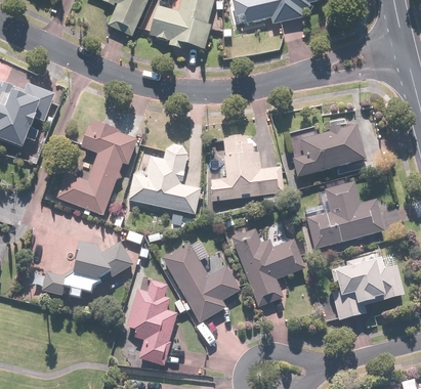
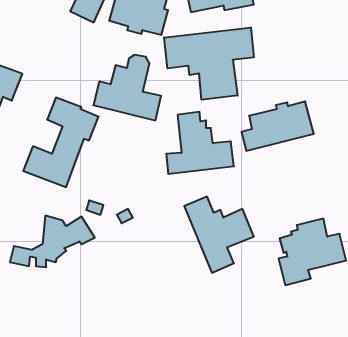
building: none -> [164,27,254,100]
building: [127,143,200,214] -> [93,55,161,120]
building: [302,179,385,247] -> none
building: [163,239,240,319] -> none
building: [127,276,176,363] -> none

